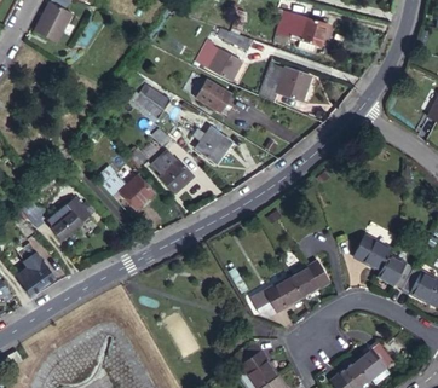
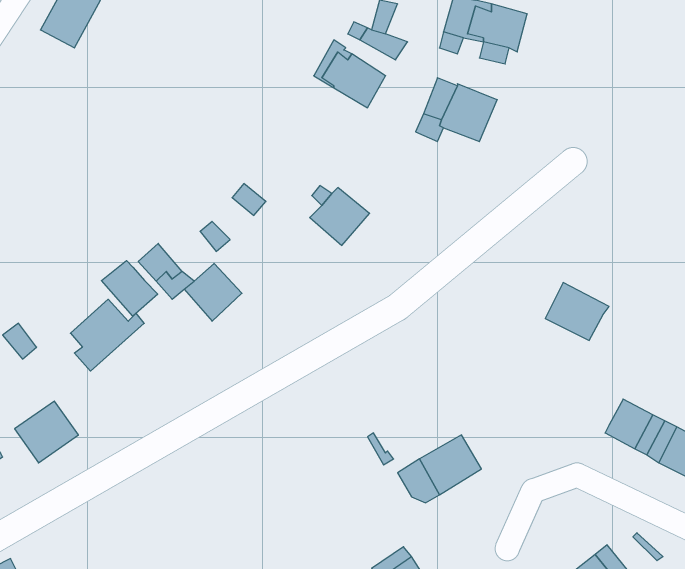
building: [200,76,235,109] -> none
building: [134,83,172,118] -> none
building: [157,151,195,190] -> none
building: none -> [101,261,158,316]
building: [352,236,391,271] -> [545,283,609,340]
building: [289,261,329,297] -> none

